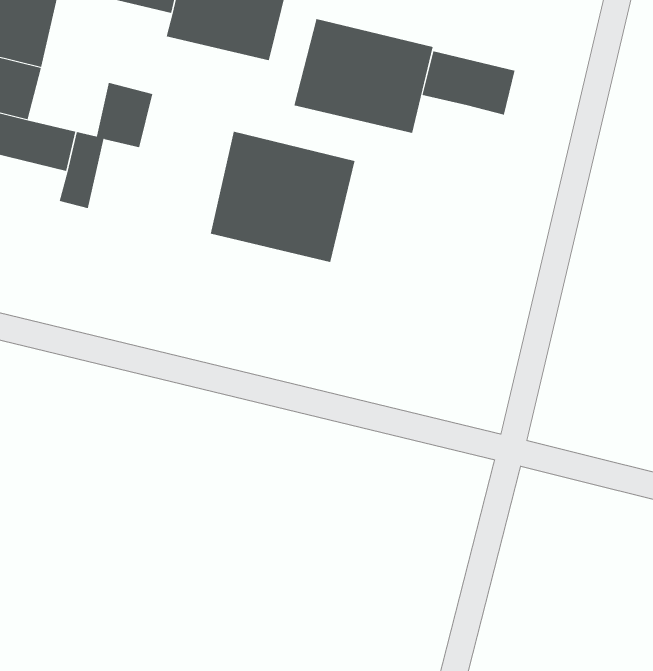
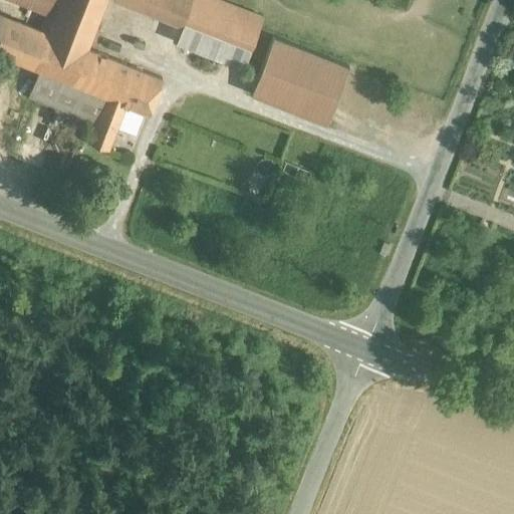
building: [422,50,515,115] -> none
building: none -> [73,49,131,100]
building: [210,131,355,263] -> none

